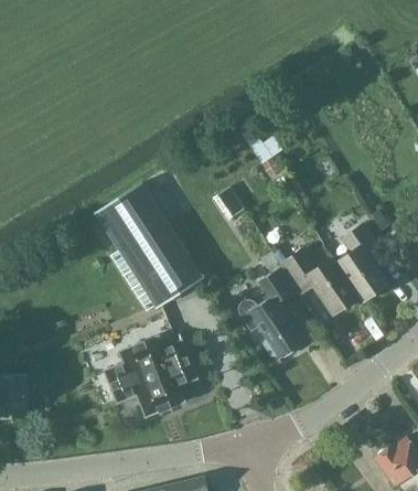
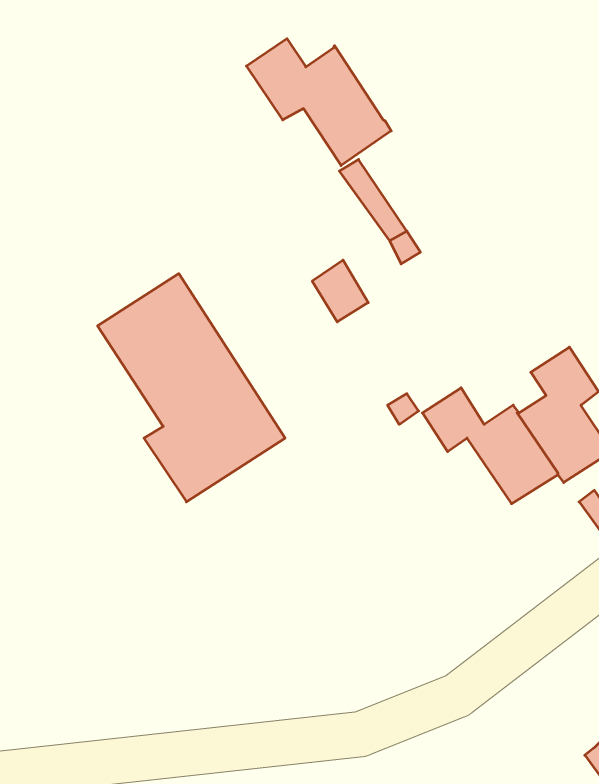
building: none -> [246,39,391,166]
building: [238,270,303,360] -> none
building: [105,335,197,418] -> none

